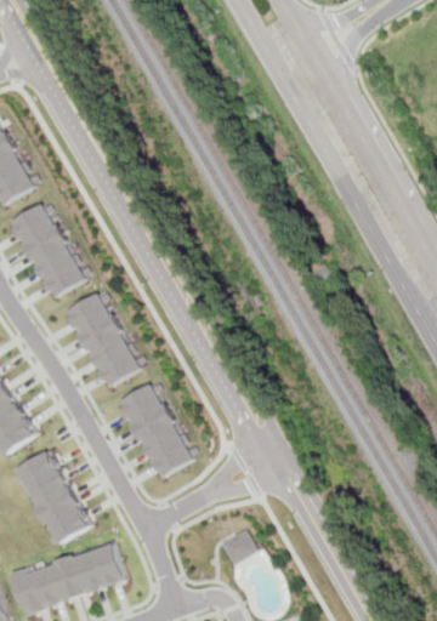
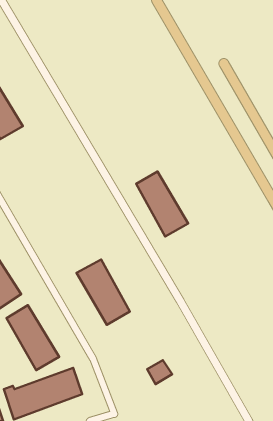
building: [8,201,86,298] -> none
building: [64,291,141,387] -> [136,171,188,237]

